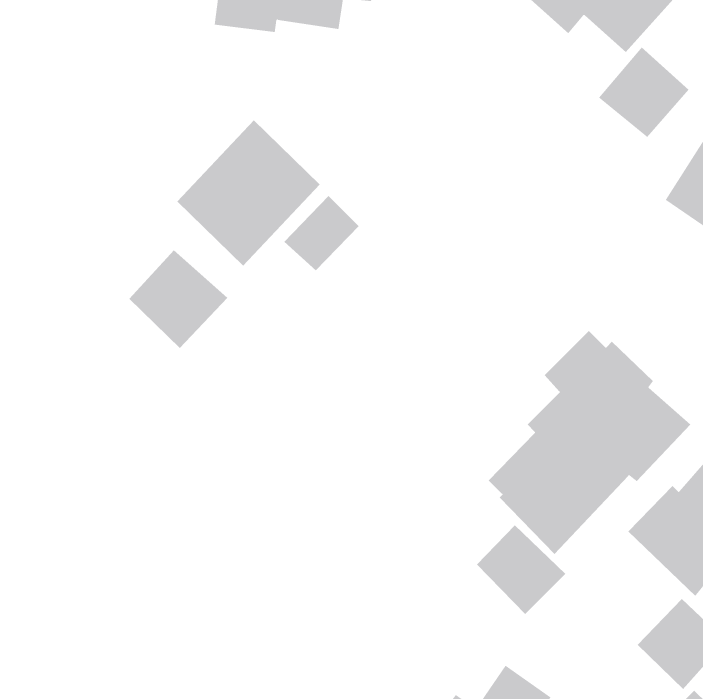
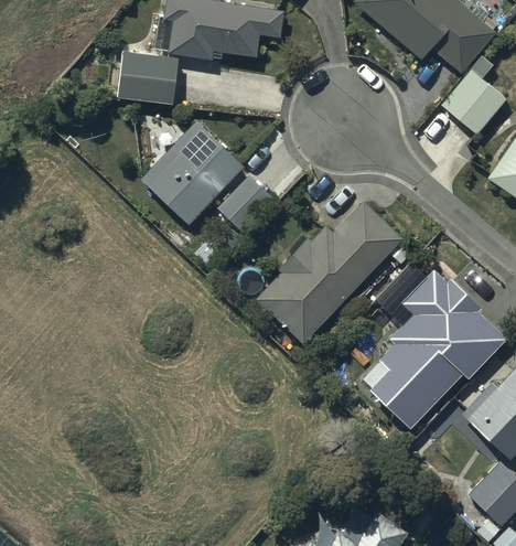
building: none -> [117,51,178,104]
building: none -> [257,202,404,342]
building: [129,250,228,349] -> none
building: [476,525,566,615] -> none

